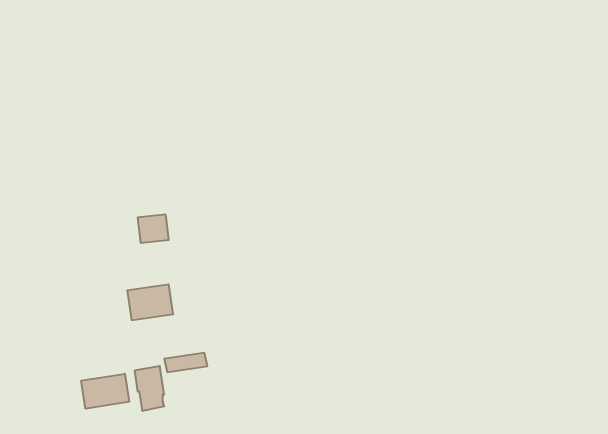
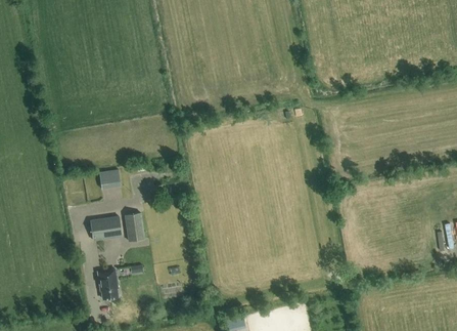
building: none -> [125,213,145,241]
building: [81,374,129,409] -> none

